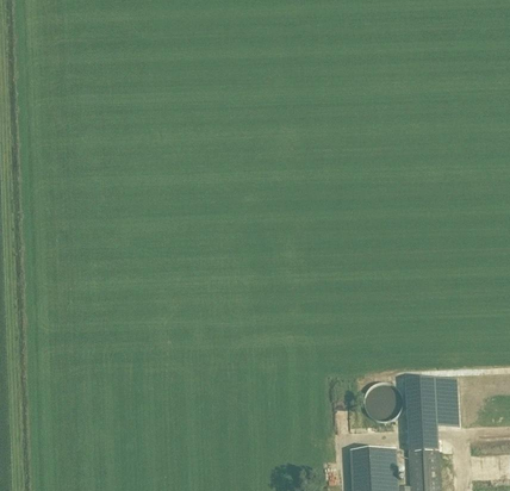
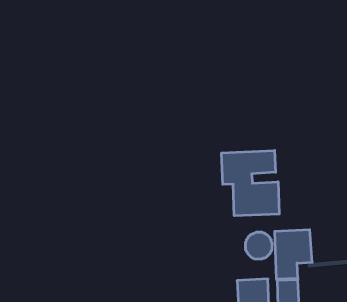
building: none -> [222,150,279,216]

